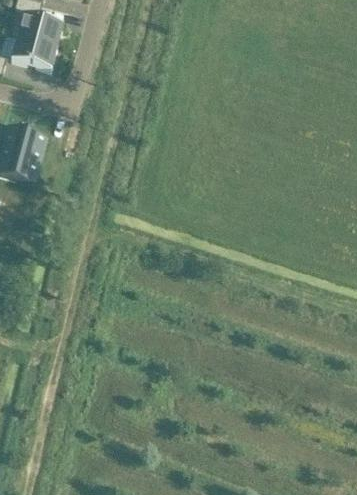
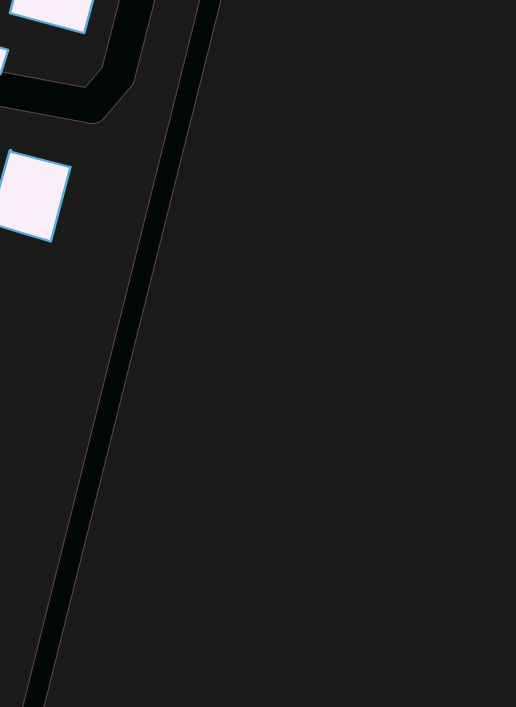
building: [8,34,57,70] -> none

